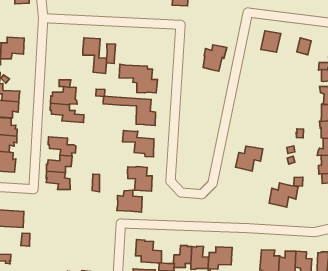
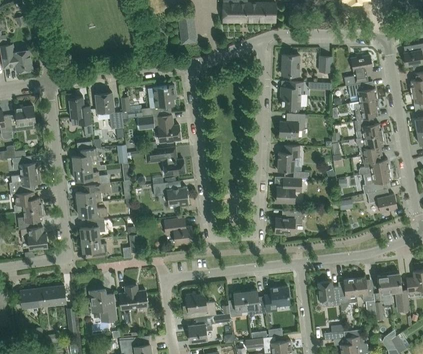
building: none -> [69,96,93,135]
building: none -> [142,86,175,116]
building: [203,45,227,71] -> [281,82,303,108]
building: none -> [279,113,305,139]
building: none -> [277,145,299,171]
building: none -> [75,183,111,204]
building: [269,183,298,207] -> [275,210,302,234]
building: [117,190,142,212] -> [119,285,147,309]
building: none -> [89,289,117,321]

